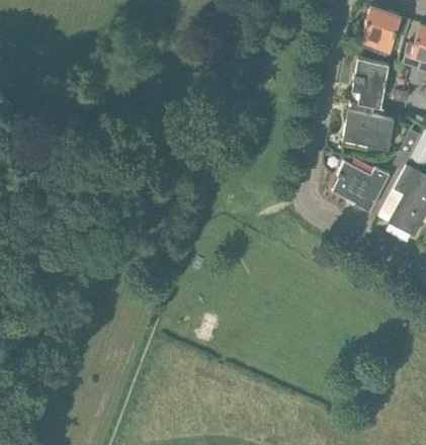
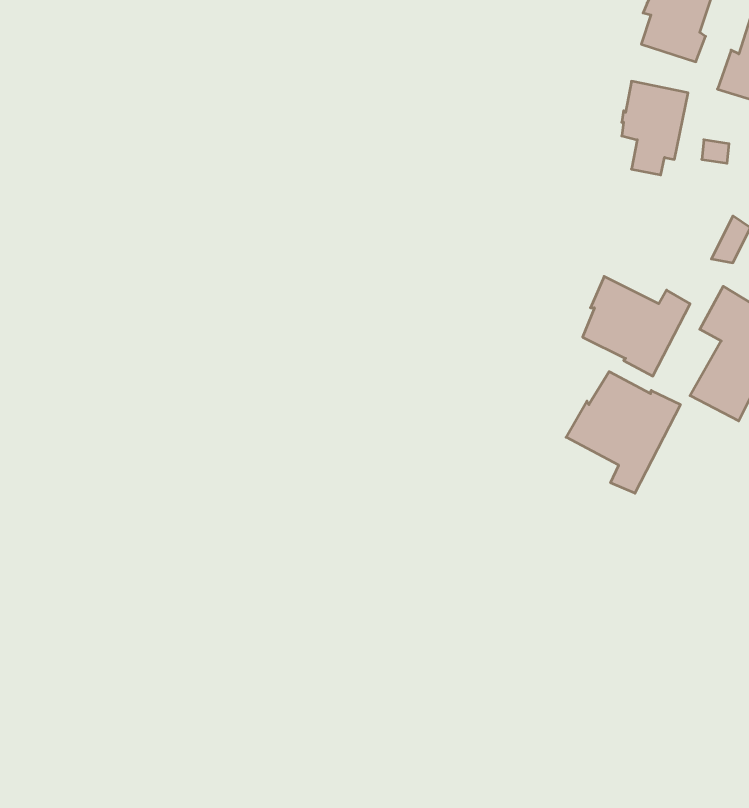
building: [343,111,394,150] -> none
building: none -> [566,372,680,493]

